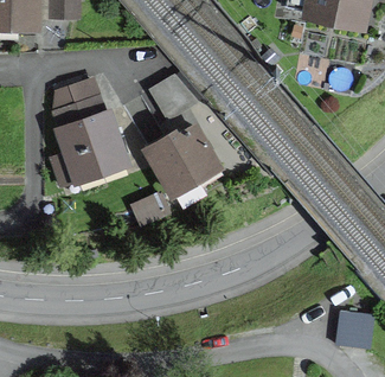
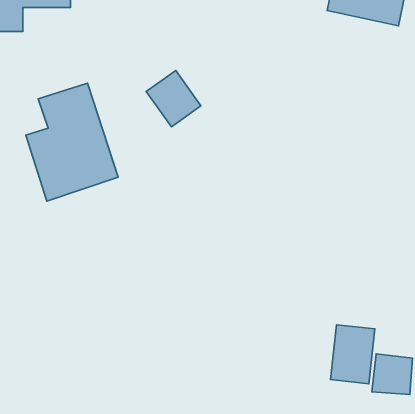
building: [126,119,212,223] -> none
building: none -> [330,325,375,384]

